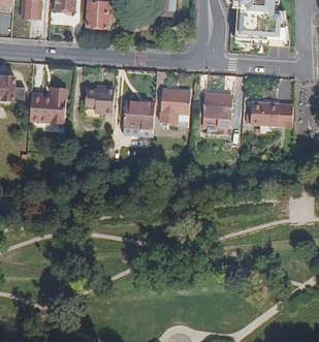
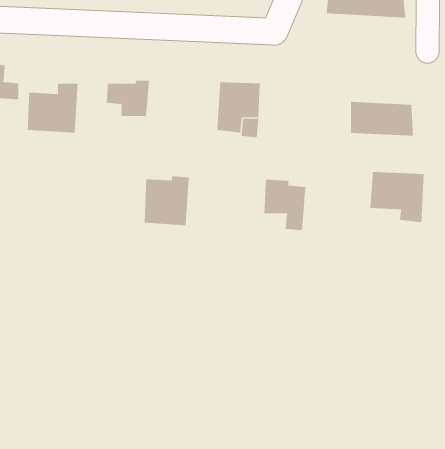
building: [203,92,232,127] -> [264,179,306,231]
building: [124,100,155,134] -> [144,176,189,226]
building: none -> [370,171,424,223]

